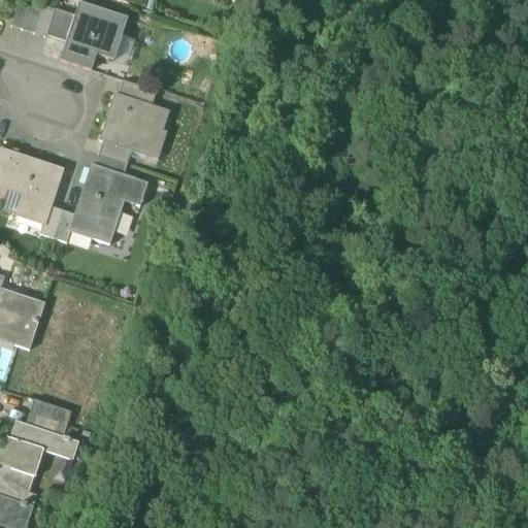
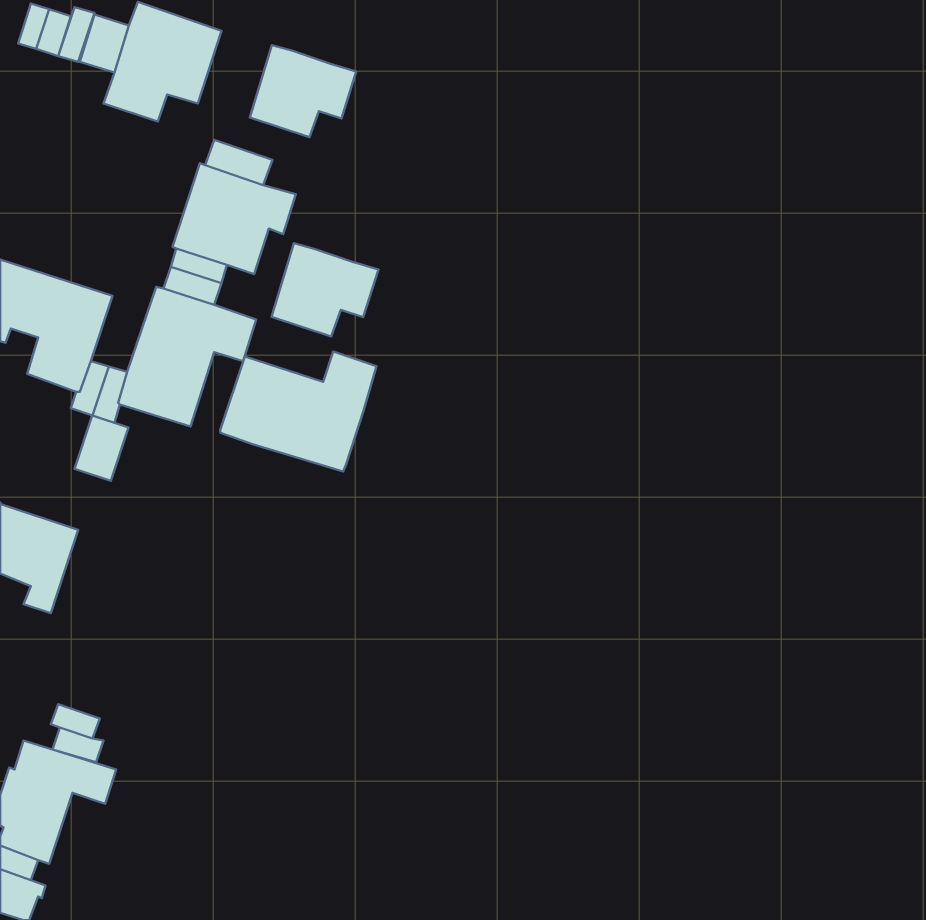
building: none -> [250,45,356,137]
building: none -> [272,243,378,336]
building: none -> [220,351,377,472]
building: none -> [74,416,129,481]

